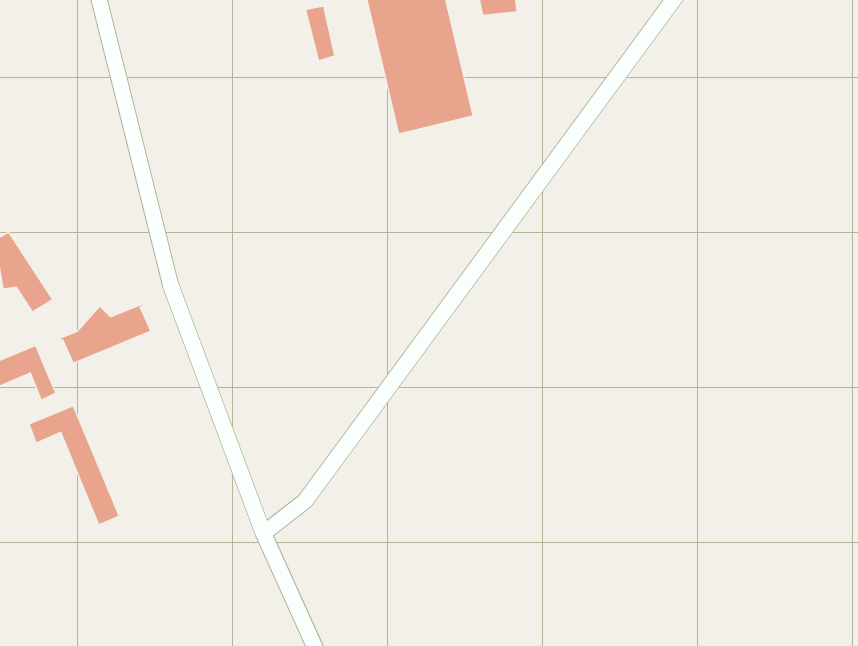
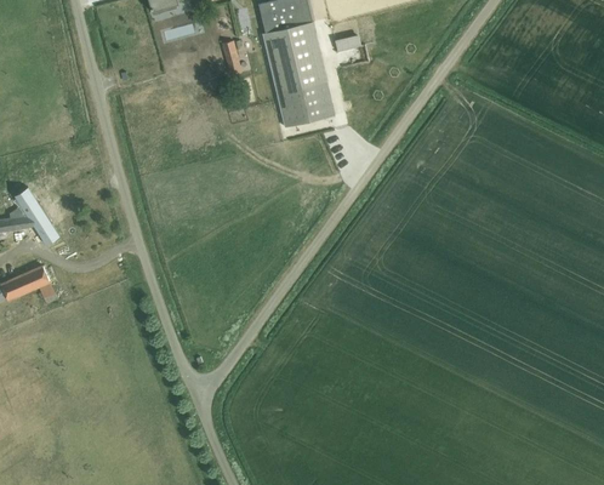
building: [58,304,153,365] -> none
building: [29,406,119,525] -> none

